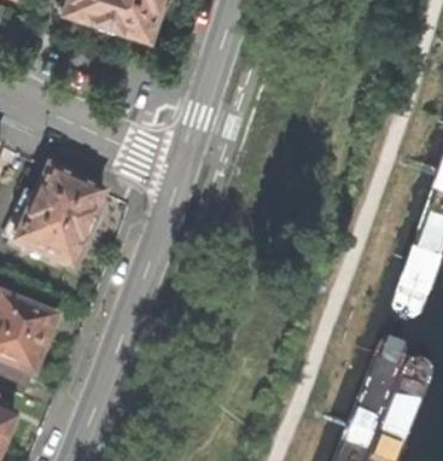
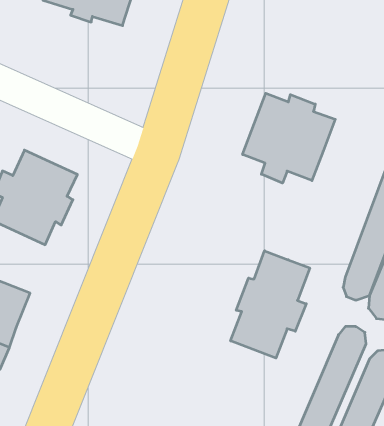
building: none -> [243,93,335,183]
building: none -> [231,251,310,358]

